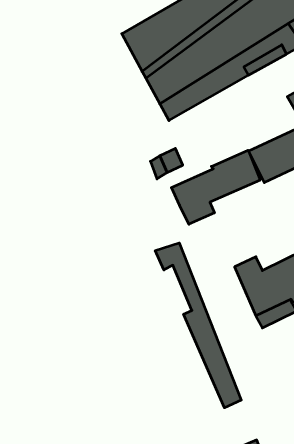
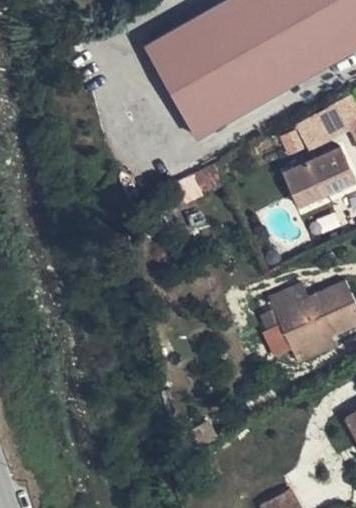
building: [171,150,260,224] -> none
building: [155,243,241,408] -> none

